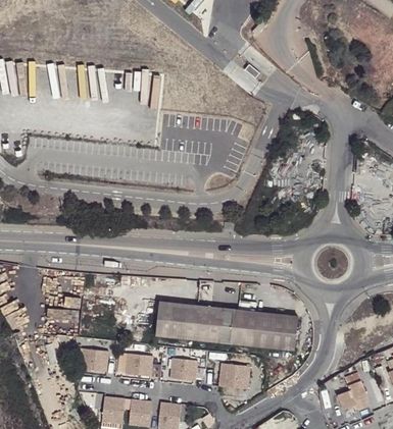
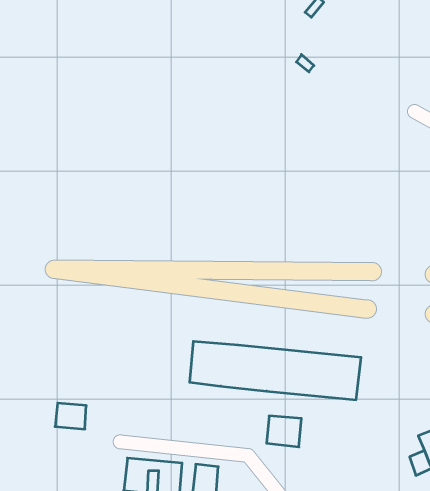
building: [82,350,107,371] -> [55,403,86,429]
building: [126,354,151,375] -> none
building: [170,358,196,379] -> none

